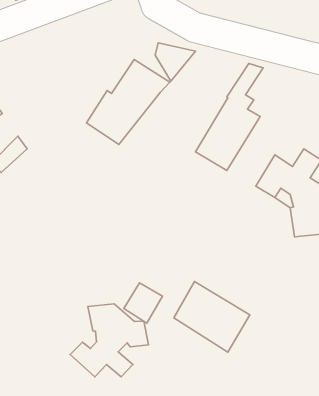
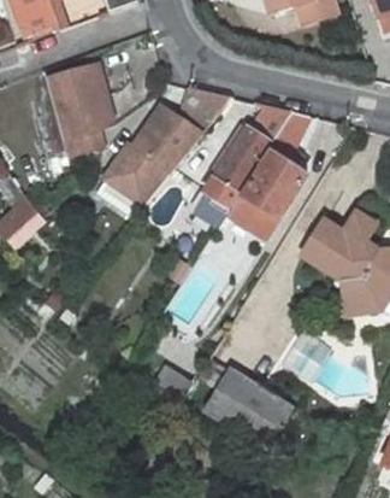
building: none -> [47,68,111,157]
building: none -> [195,105,292,227]
building: [70,304,148,377] -> none

